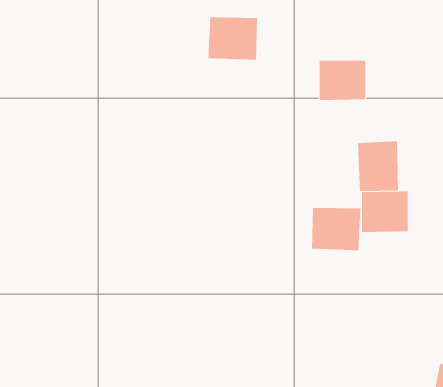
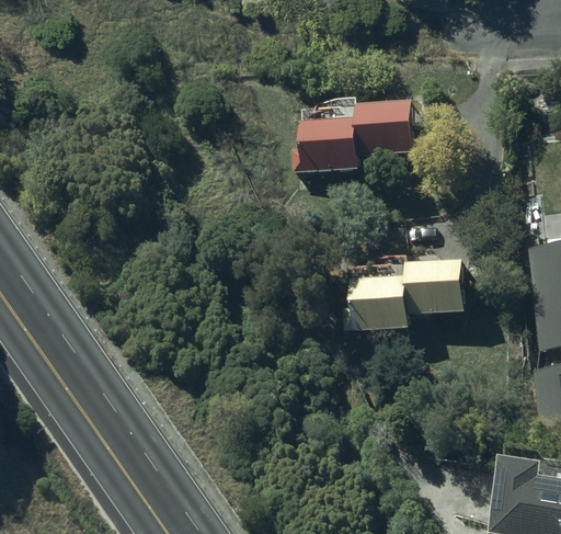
building: [208,17,258,60] -> [305,126,362,175]
building: [358,141,398,192] -> none

